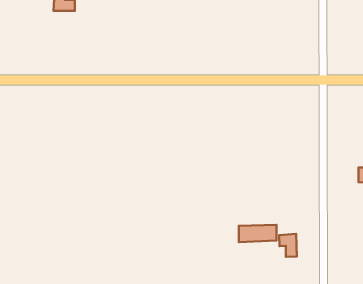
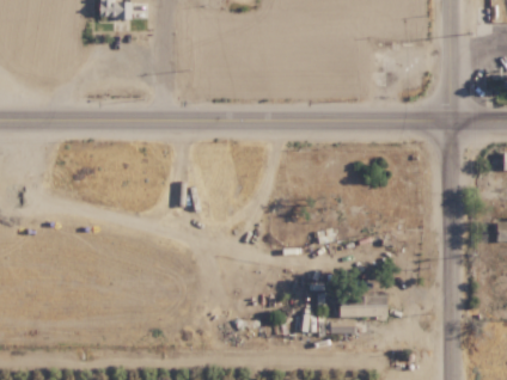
building: [279,234,297,257] -> none

